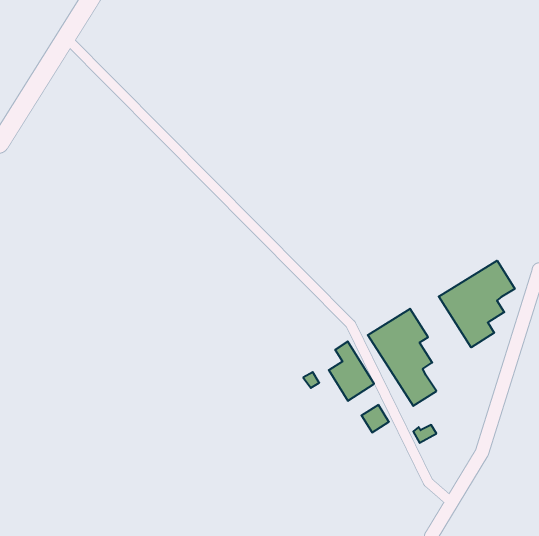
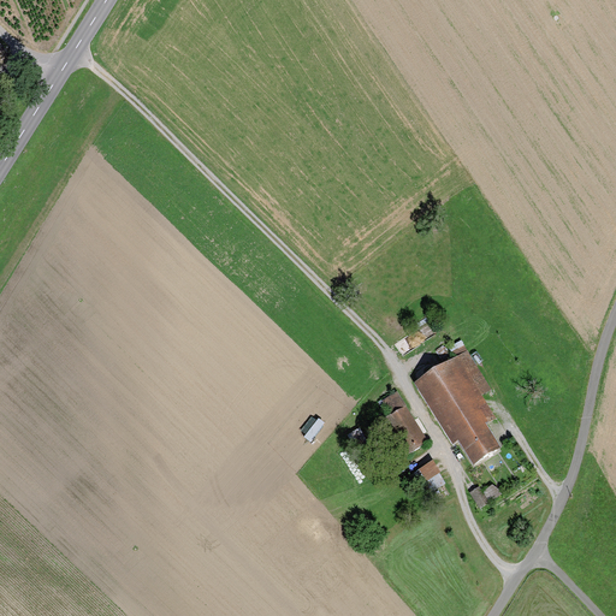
building: [439,261,515,347] -> none

